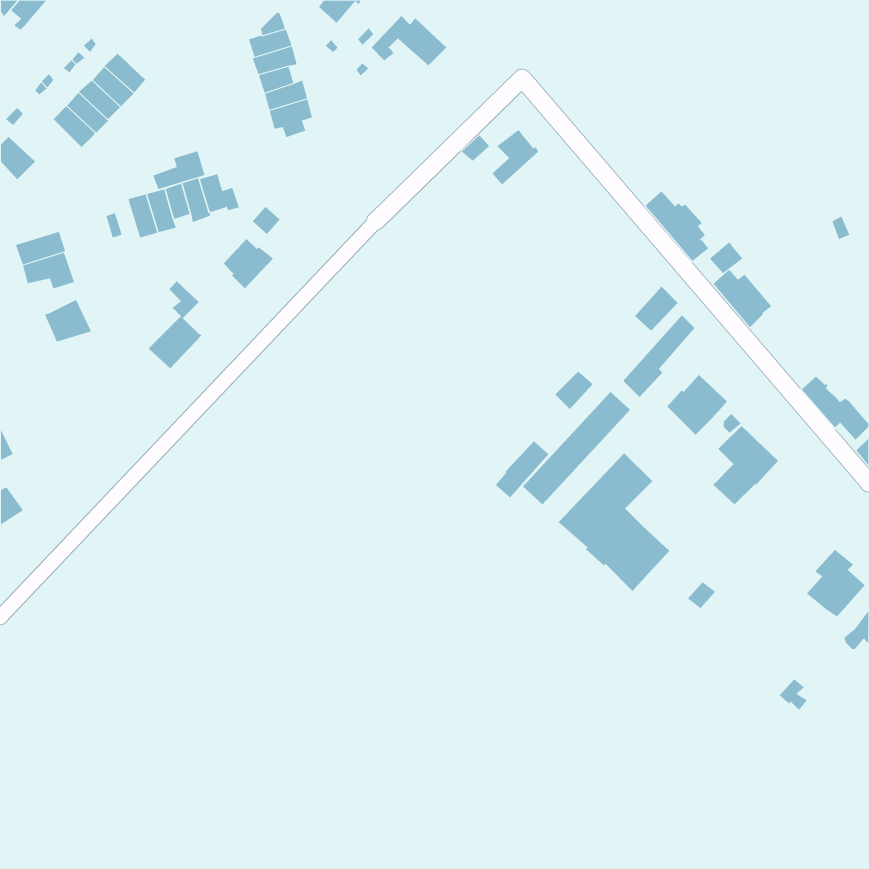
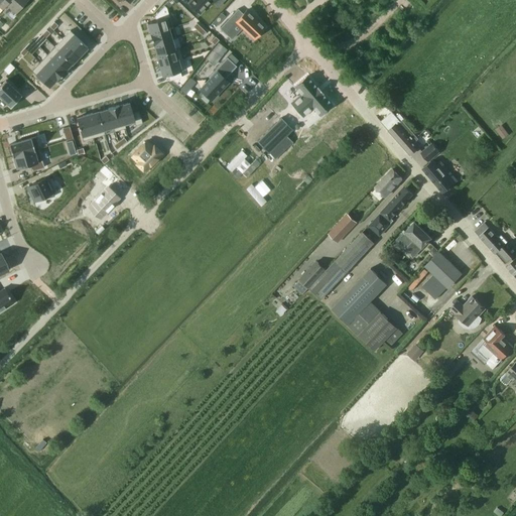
building: none -> [200,57,236,100]
building: [153,150,205,190] -> none
building: none -> [297,90,332,117]
building: none -> [257,118,292,159]
building: none -> [450,296,485,330]

